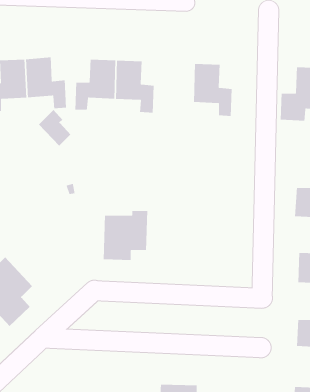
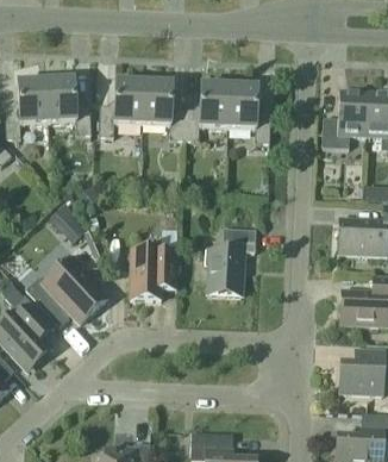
building: none -> [184,85,229,141]
building: [38,109,71,147] -> [49,202,85,243]
building: none -> [205,229,256,296]
building: none -> [25,254,106,326]

